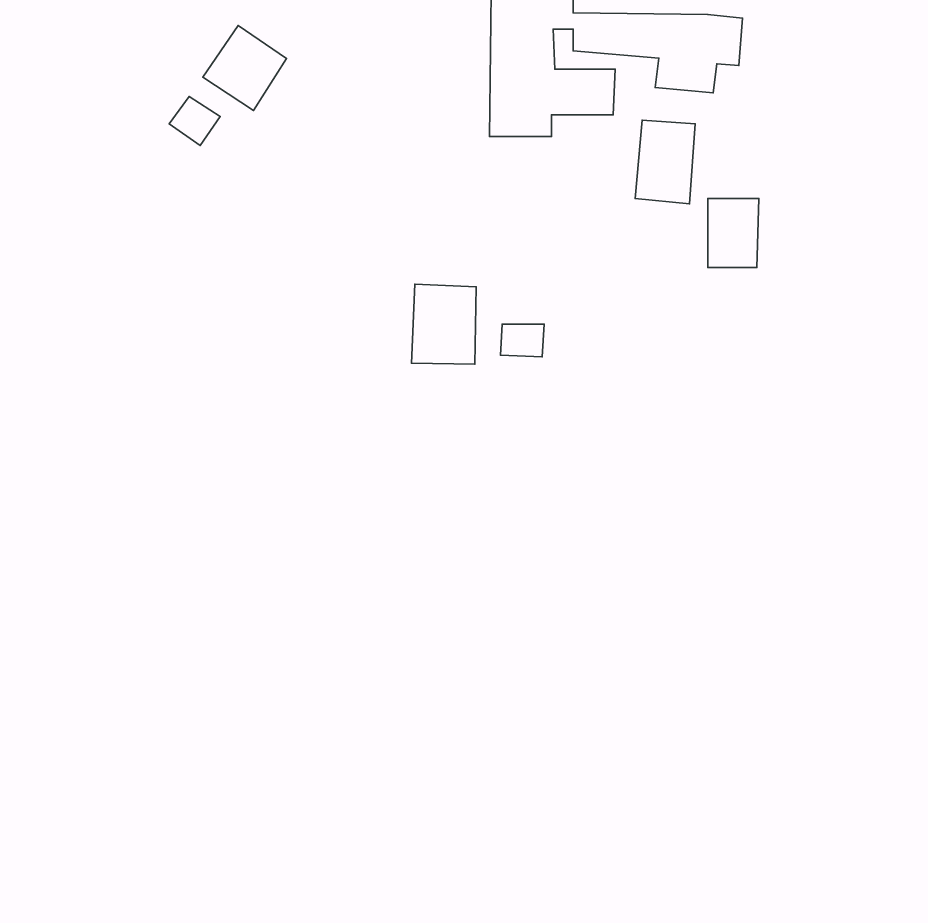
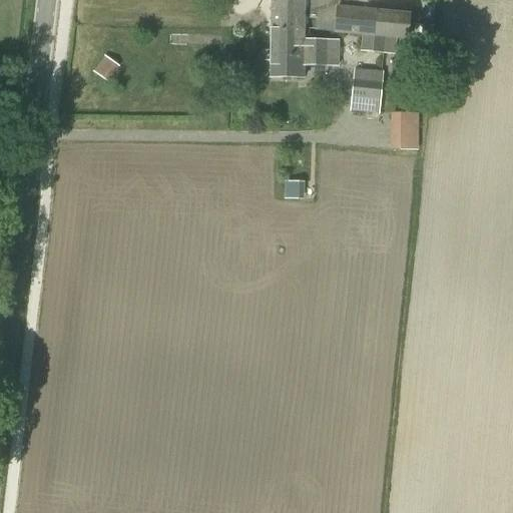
building: [203,26,287,111] -> none
building: [411,284,476,364] -> none

